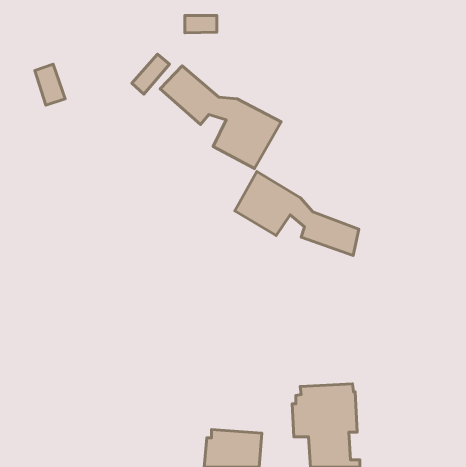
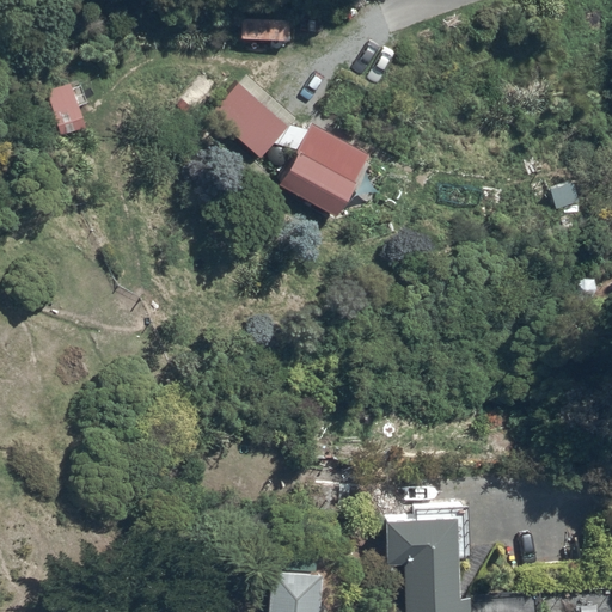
building: [235,172,359,256] -> none

